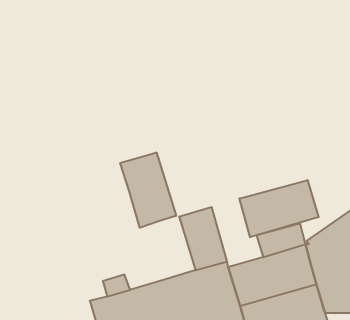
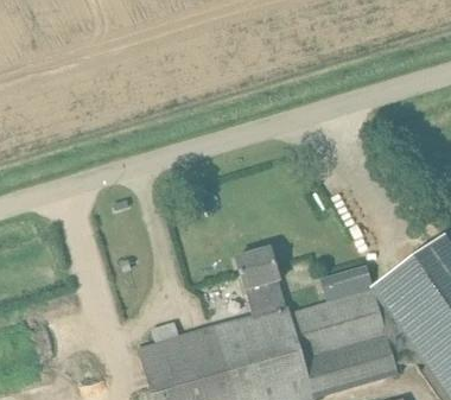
building: [120,152,176,228] -> none
building: [239,180,319,237] -> none

